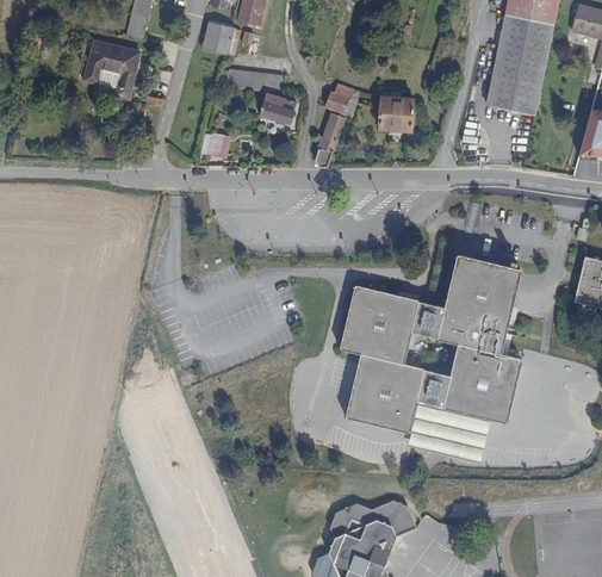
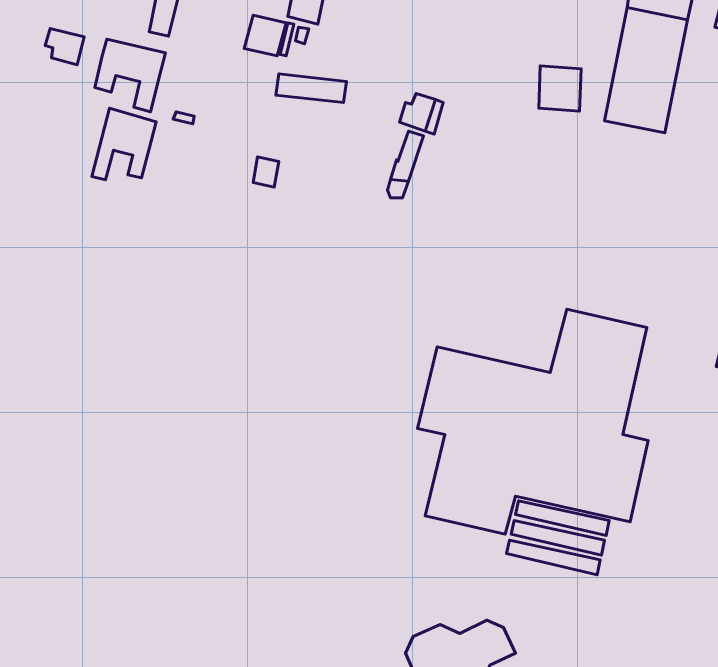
building: none -> [45,29,84,65]
building: [259,92,296,124] -> none
building: none -> [92,108,156,180]
building: [379,95,412,131] -> [539,66,581,111]

